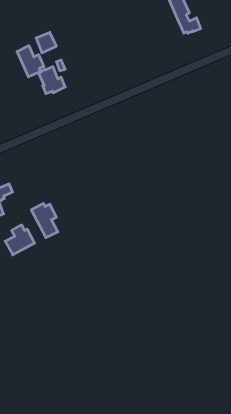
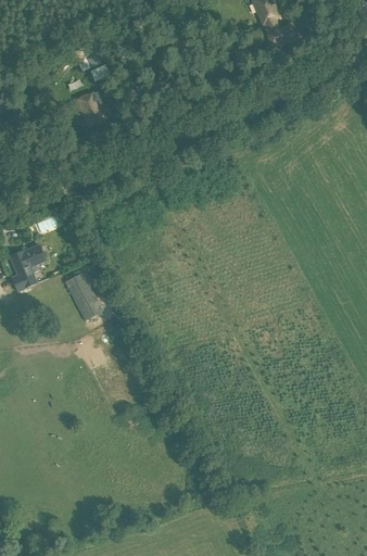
building: [17,46,44,77] -> none
building: [5,225,35,255] -> none

